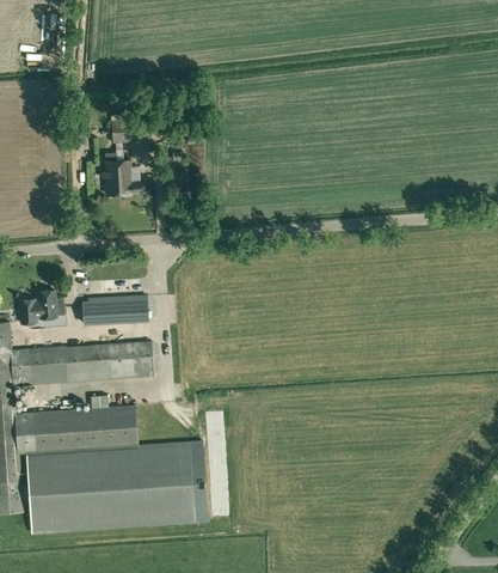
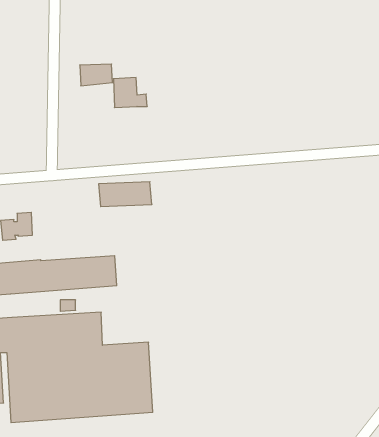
building: [106,160,146,195] -> [113,78,147,108]
building: [88,295,150,324] -> [99,182,152,207]

